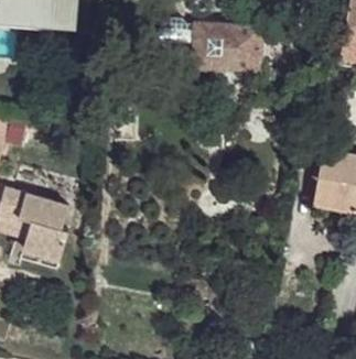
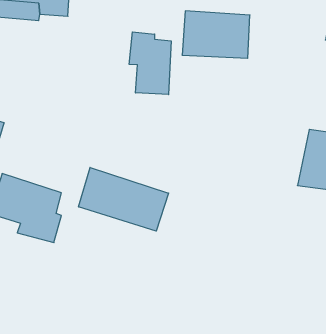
building: none -> [129,32,171,95]
building: none -> [79,167,169,231]

